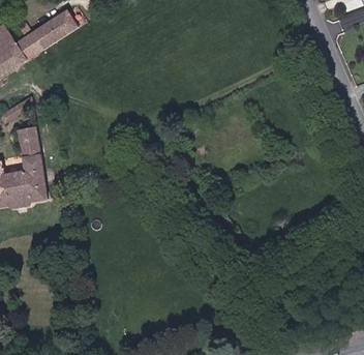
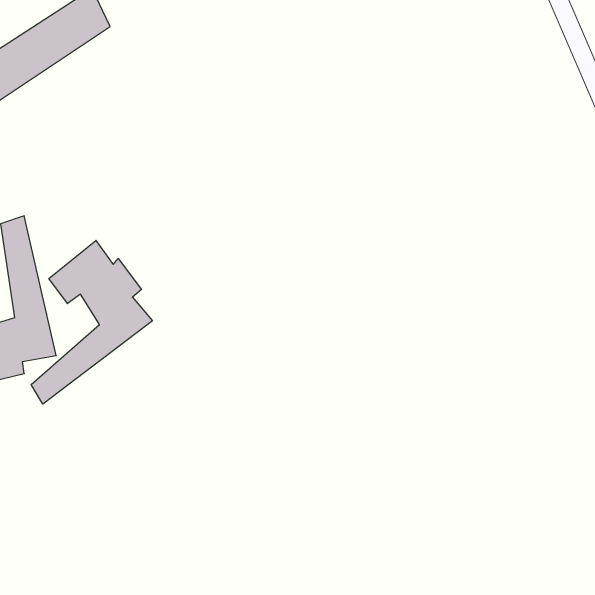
building: none -> [31,240,152,404]

